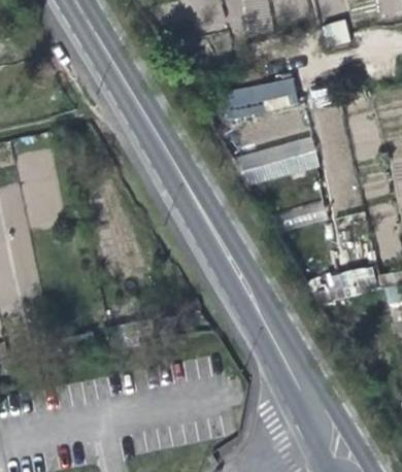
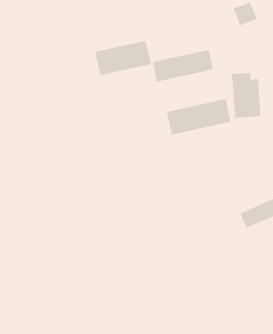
building: none -> [94,40,152,76]

